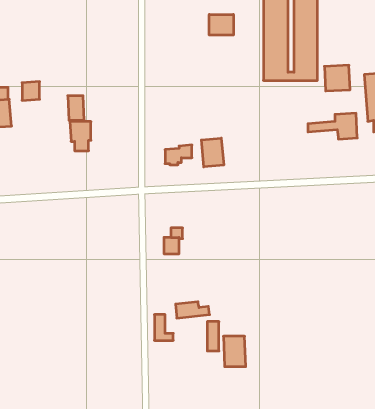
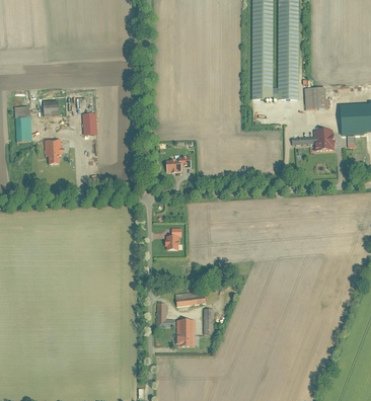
building: [209,14,233,35] -> none
building: [70,122,91,151] -> [44,139,62,164]
building: [201,138,224,167] -> none
building: [223,336,246,367] -> [175,320,195,346]

